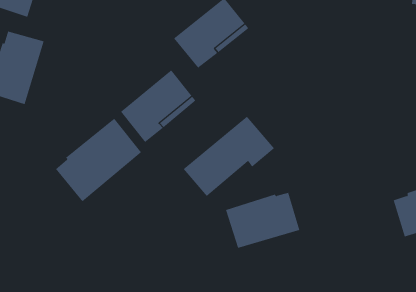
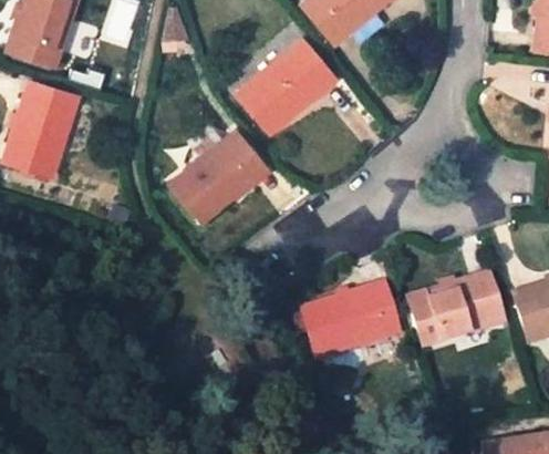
building: [183,116,275,197] -> none
building: [55,118,142,202] -> none
building: none -> [407,276,501,345]

